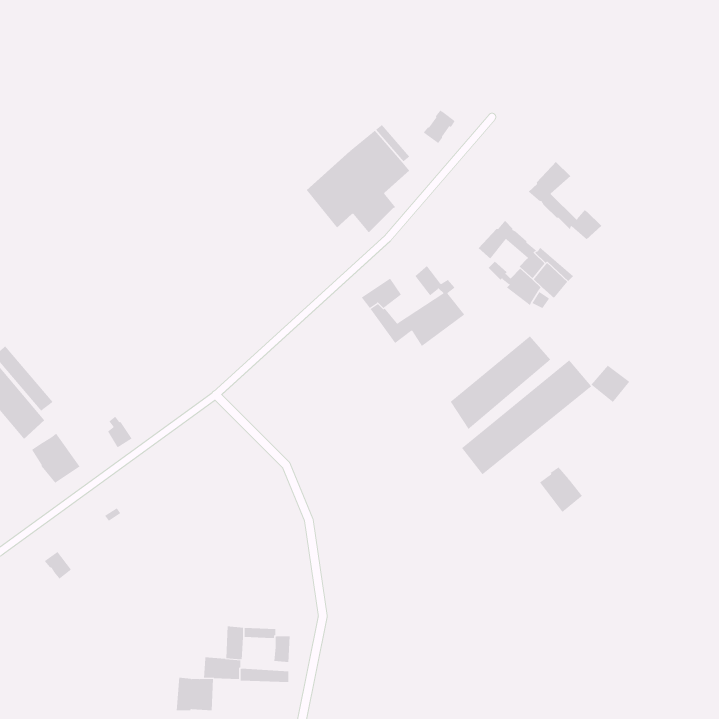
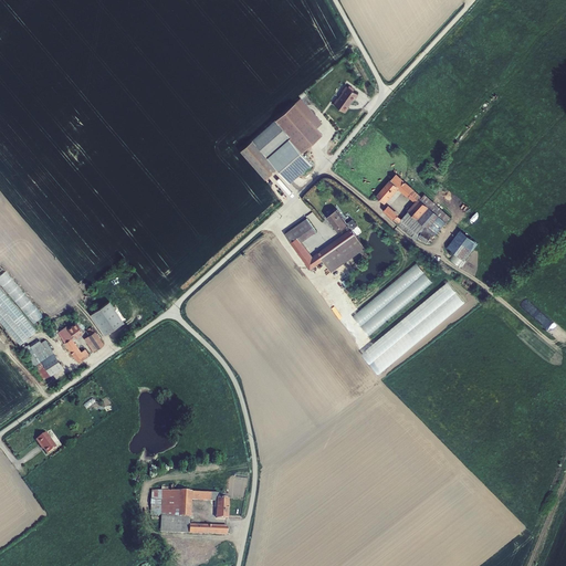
building: [528,161,602,240] -> none
building: [591,365,630,403] -> [447,231,478,261]
building: none -> [91,301,124,335]
building: none -> [56,323,88,363]
building: [539,466,583,513] -> none
building: [176,677,214,711] -> [148,491,178,517]

